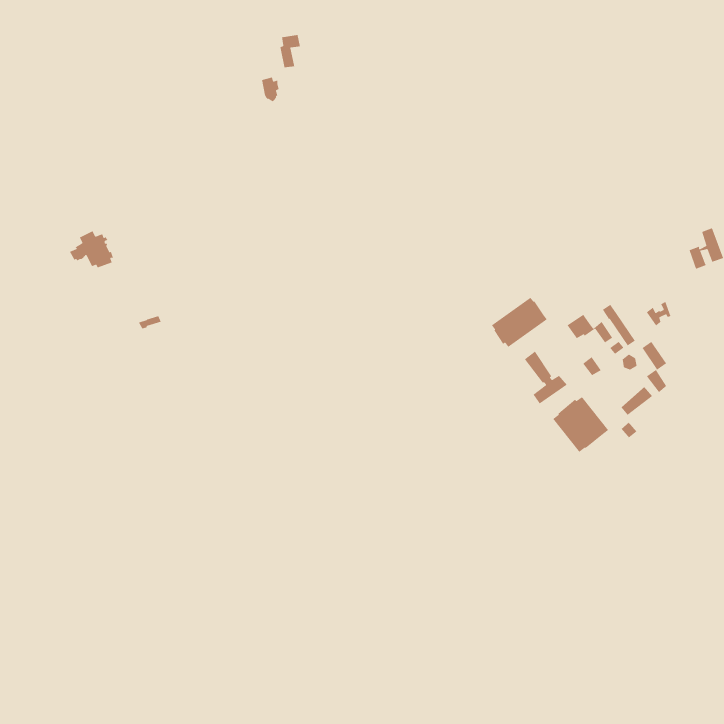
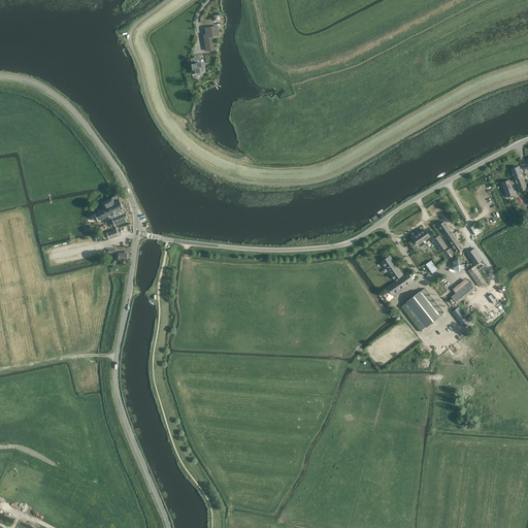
building: [69,230,114,268] -> [94,197,127,225]
building: [491,297,548,348] -> none

